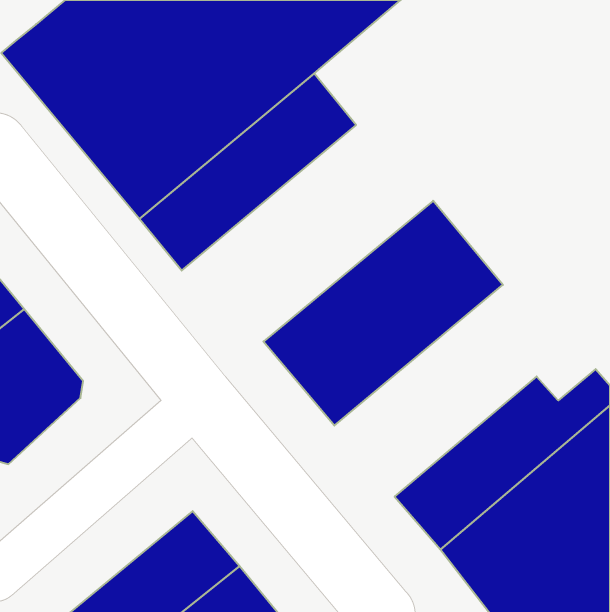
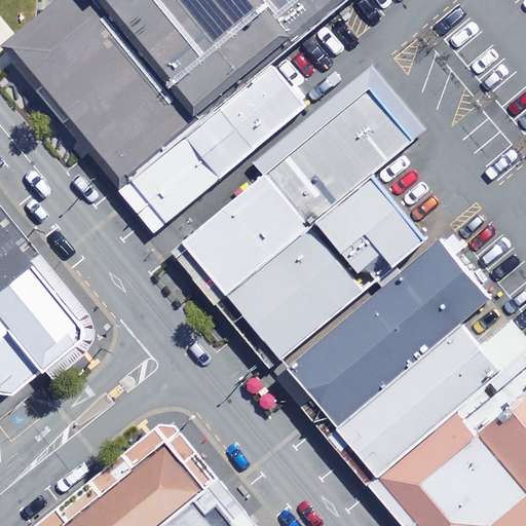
building: none -> [181,86,411,294]
building: none -> [286,238,489,426]

